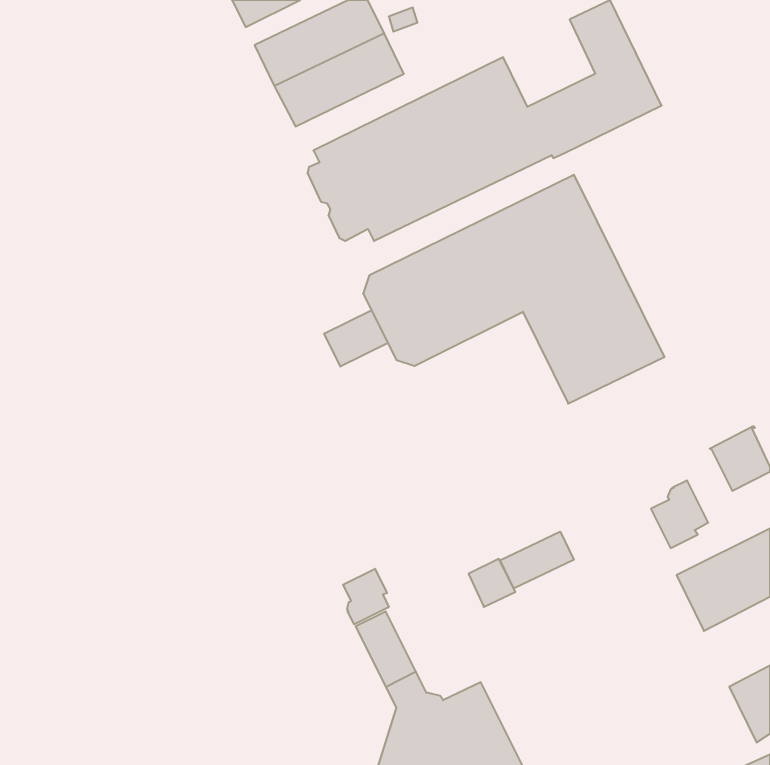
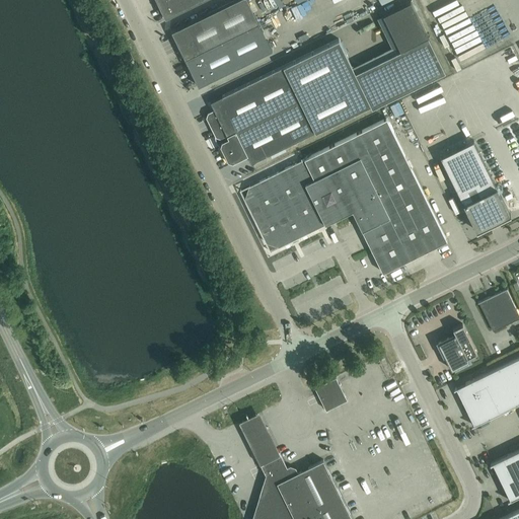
building: none -> [440,142,511,233]
building: [324,310,388,367] -> none
building: [500,532,574,589] -> none
building: [343,569,389,624] -> none

